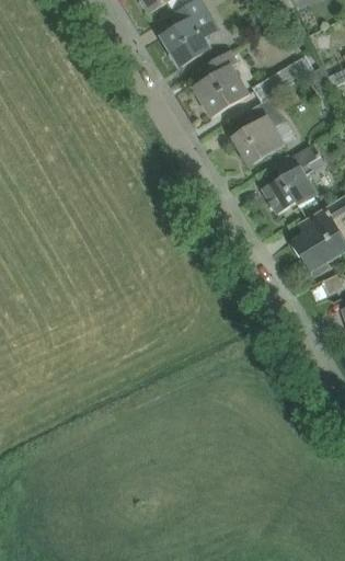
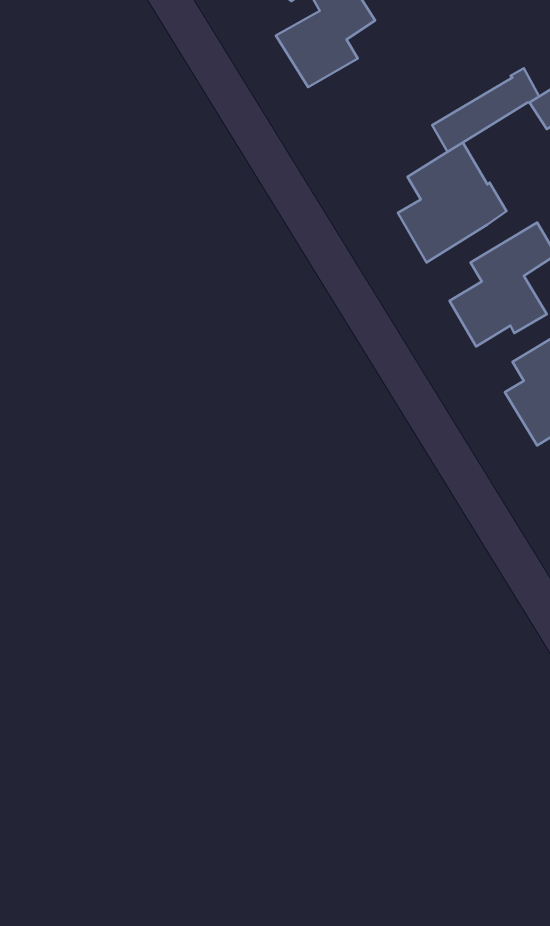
building: [194,49,249,116] -> none

